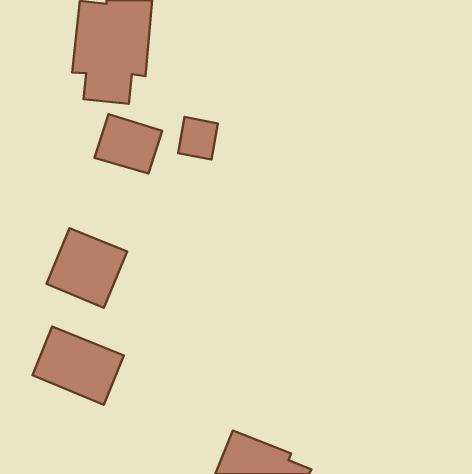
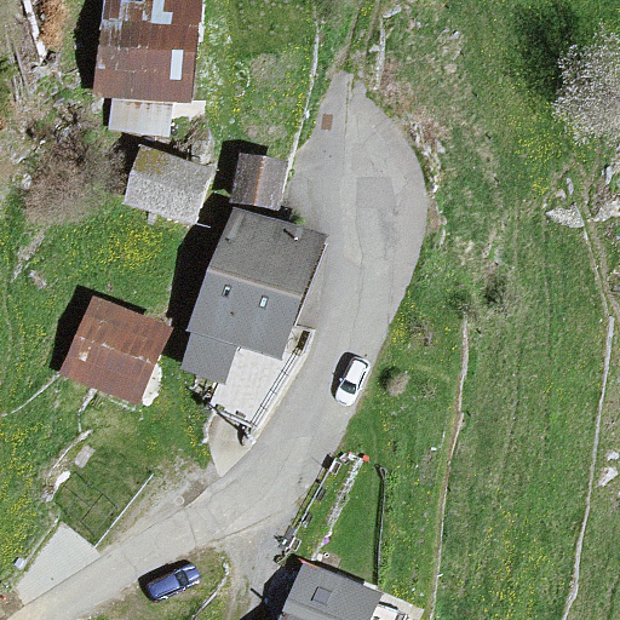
building: none -> [186,209,320,378]
building: [33,327,124,405] -> none

